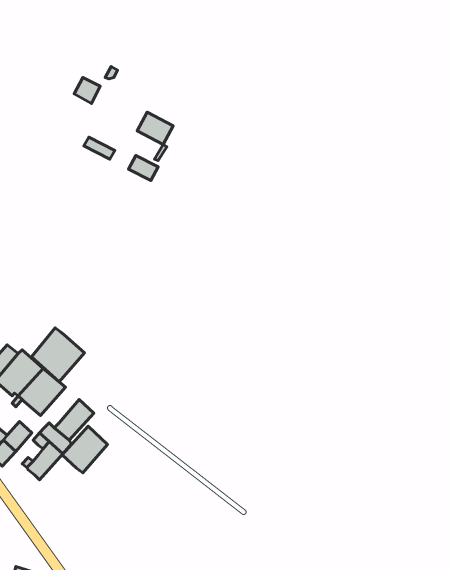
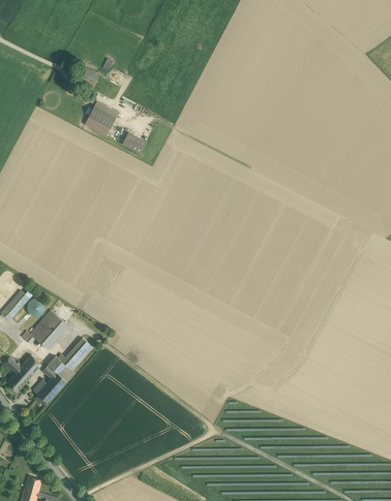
building: [137,112,173,144] -> [88,101,118,128]
building: [31,328,85,382] -> none
building: [62,426,108,473] -> none

